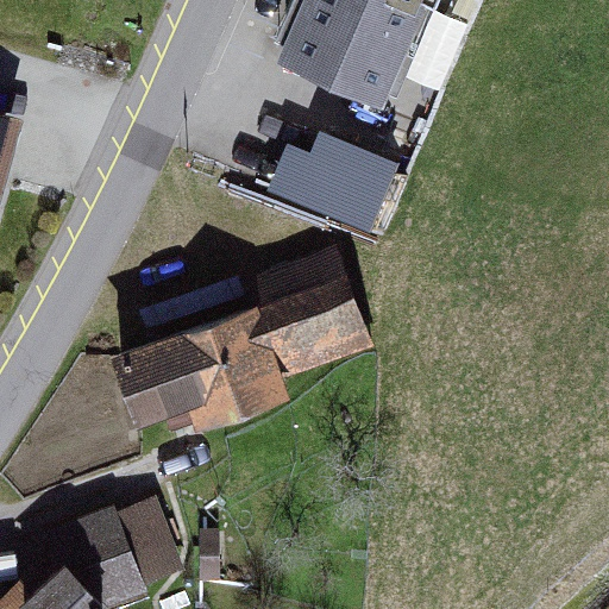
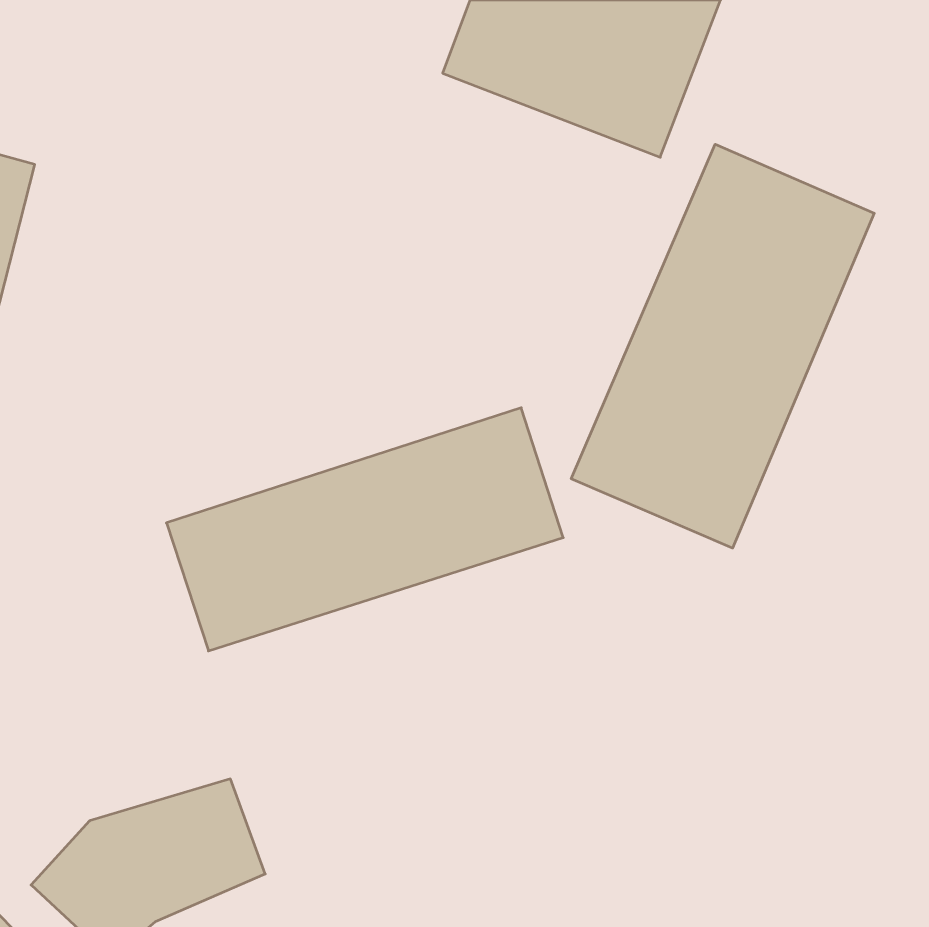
building: none -> [571,144,874,548]
building: [264,137,396,240] -> none

